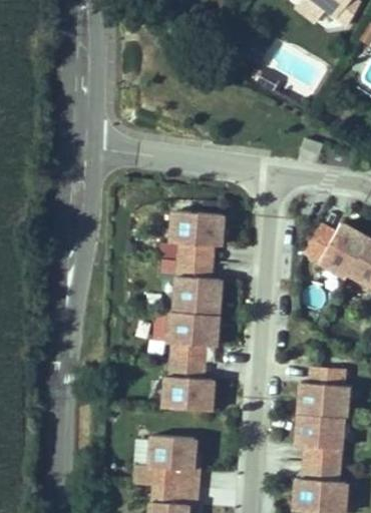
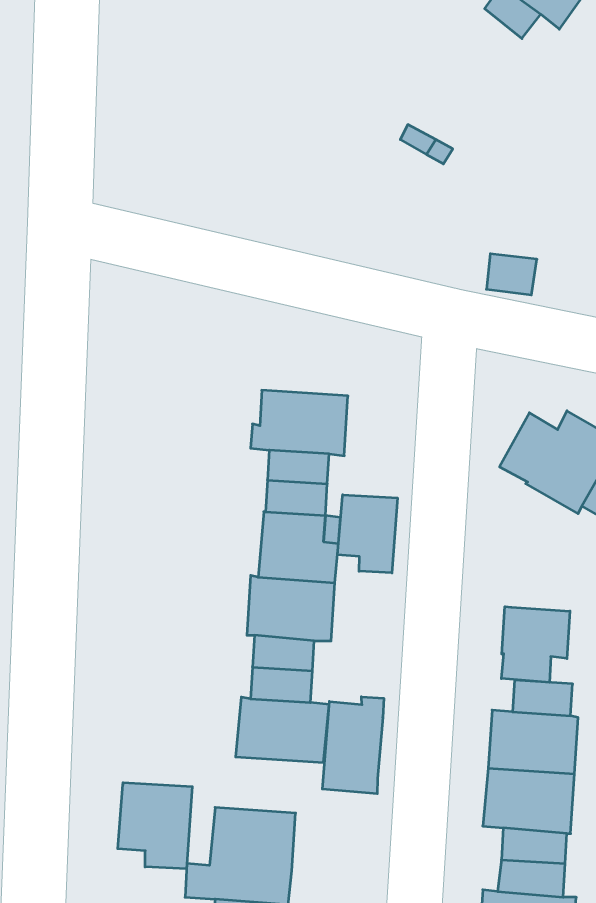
building: none -> [338,495,397,573]
building: none -> [501,607,570,682]
building: none -> [322,697,384,794]
building: none -> [118,783,192,869]

